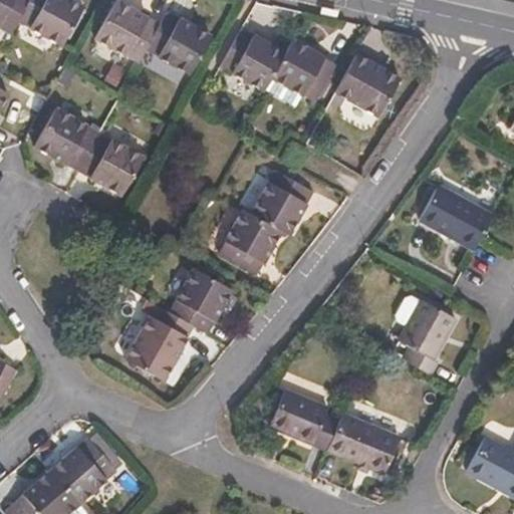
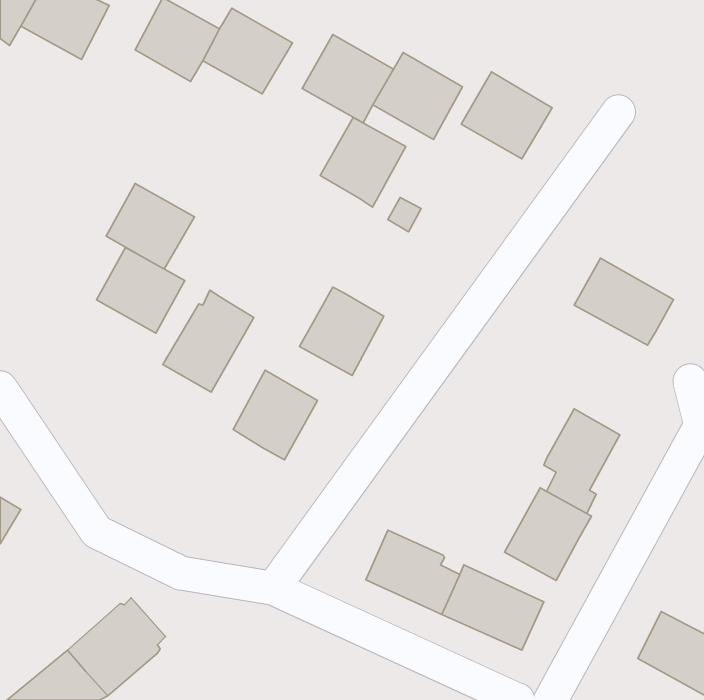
building: [35,109,99,172] -> [96,248,185,333]
building: [251,171,313,236] -> [320,117,406,207]
building: [125,305,192,379] -> [163,290,254,392]
building: none -> [505,488,592,580]

